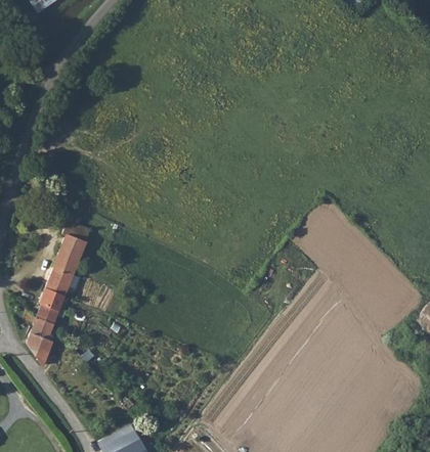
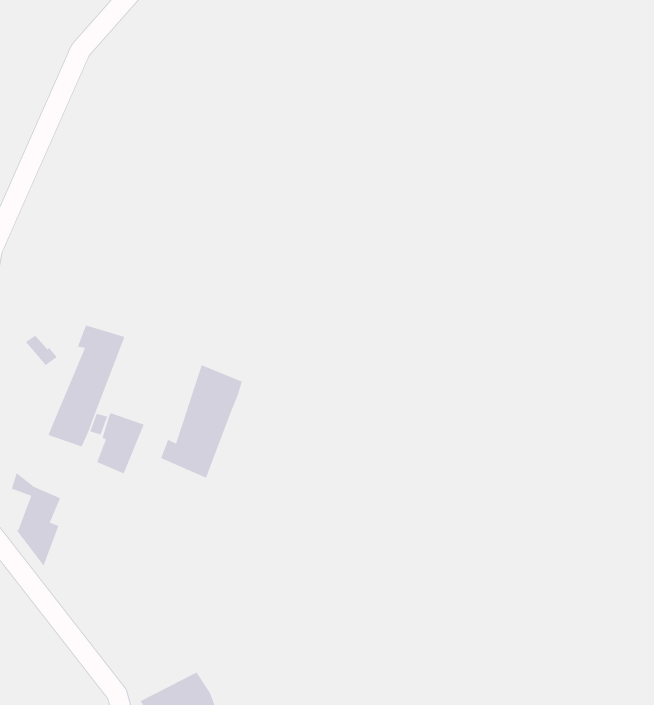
building: none -> [160,364,243,479]
building: [37,285,66,322] -> [96,412,145,475]

